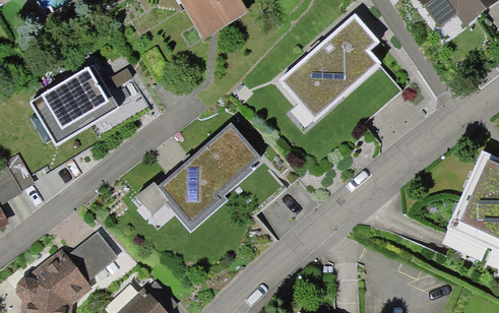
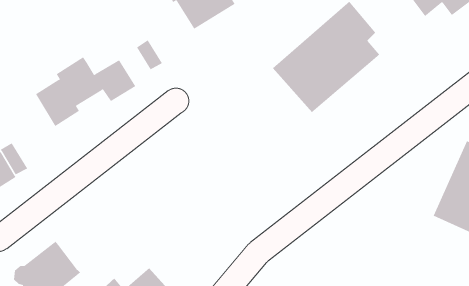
building: [134,123,260,228] -> none
building: [63,234,116,285] -> none

